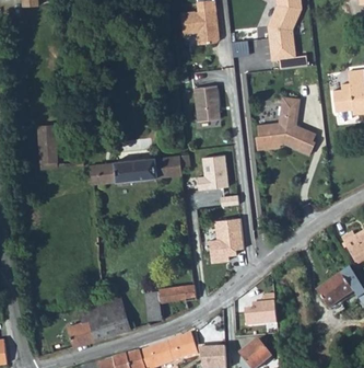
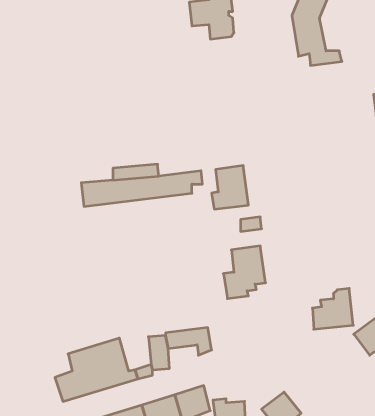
building: [192,87,218,124] -> none
building: [255,96,315,152] -> none
building: [38,127,58,163] -> none
building: [244,292,278,326] -> [312,288,353,329]

